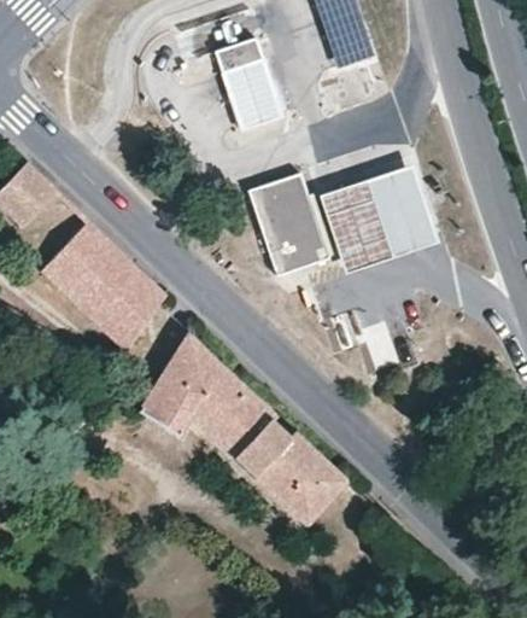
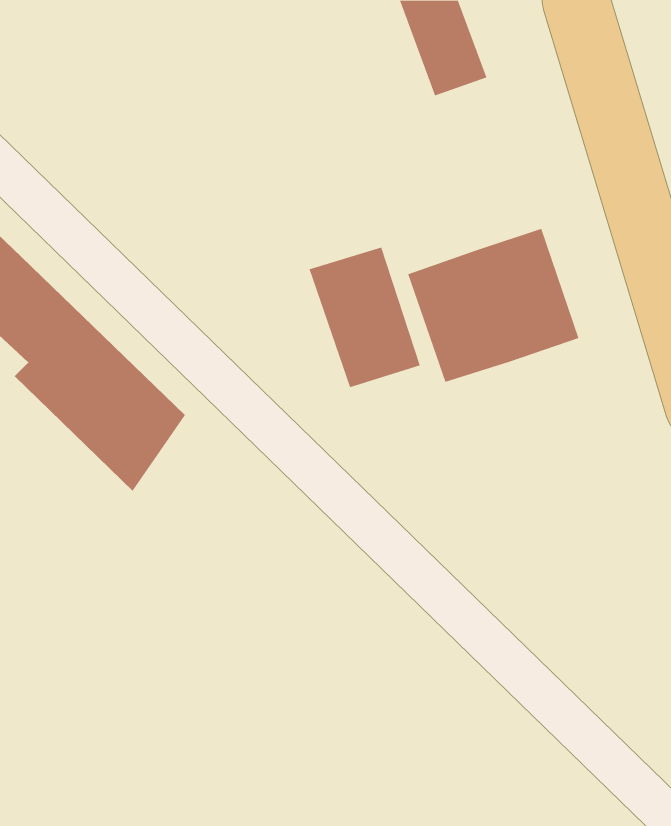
building: [212,41,283,132] -> none
building: [139,333,345,523] -> none

